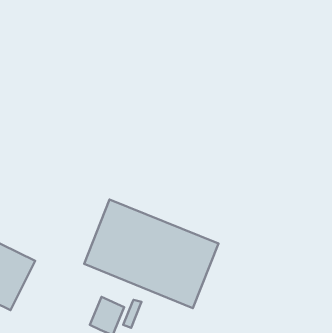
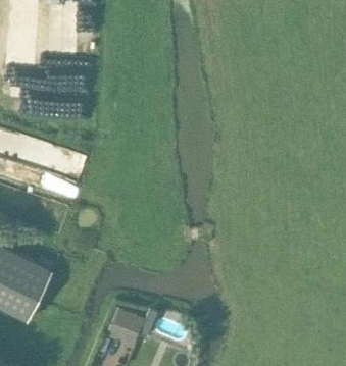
building: [84,199,218,308] -> none

